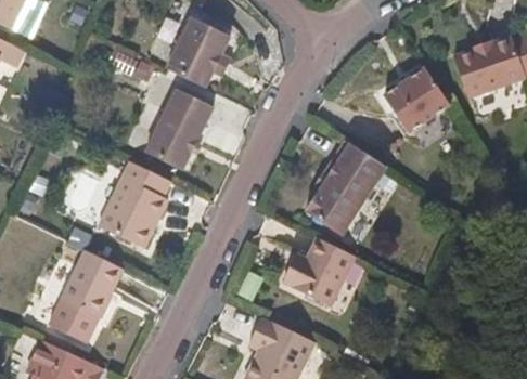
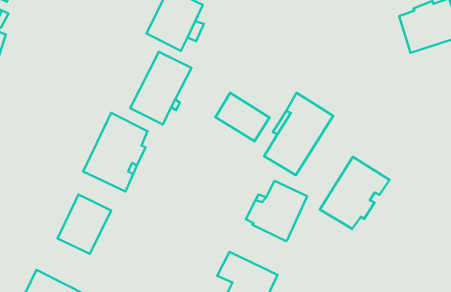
building: [381,63,447,128] -> none
building: none -> [216,93,269,141]
building: none -> [320,157,389,229]
building: [54,302,104,345] -> none

